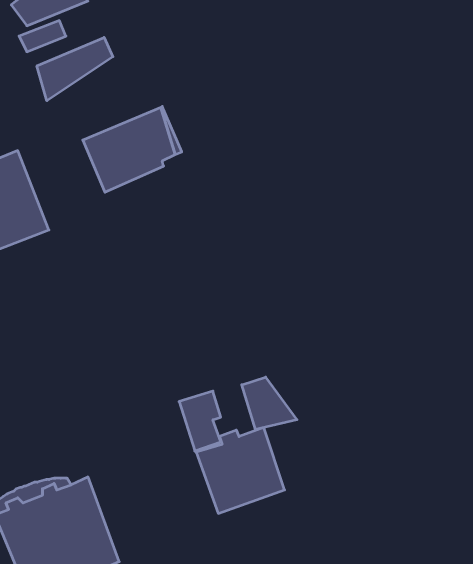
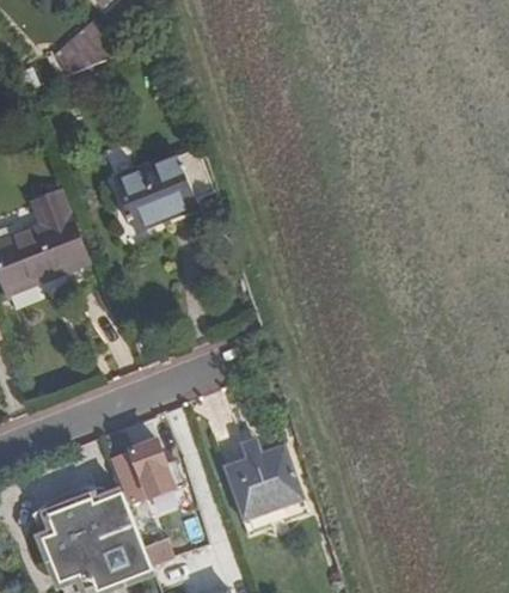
building: [37,37,113,101] -> none
building: [242,377,297,430] -> none
building: none -> [115,439,192,497]

